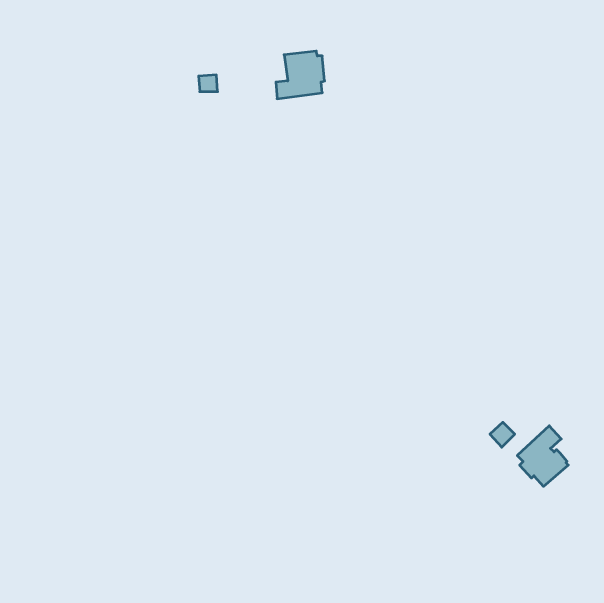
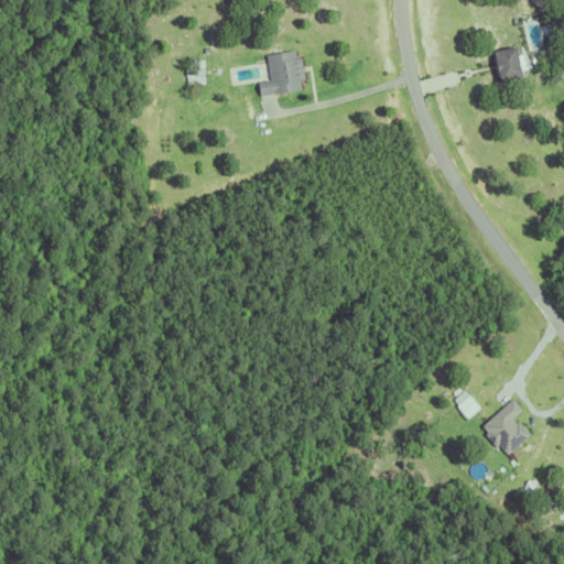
building: none -> [495,44,528,77]

